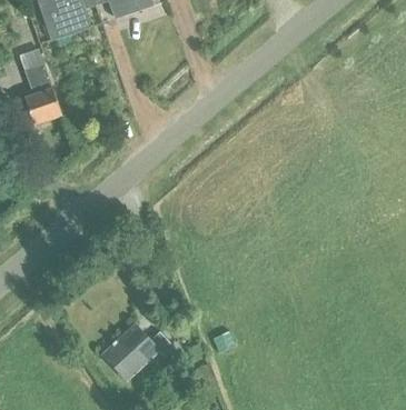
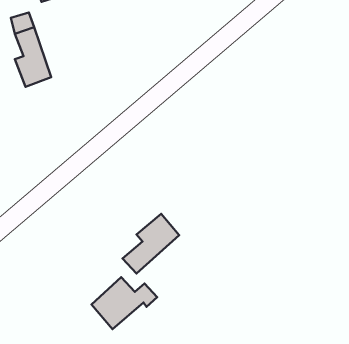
building: none -> [123,214,179,274]

